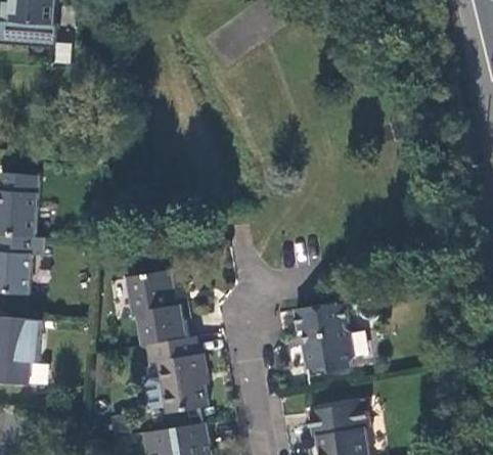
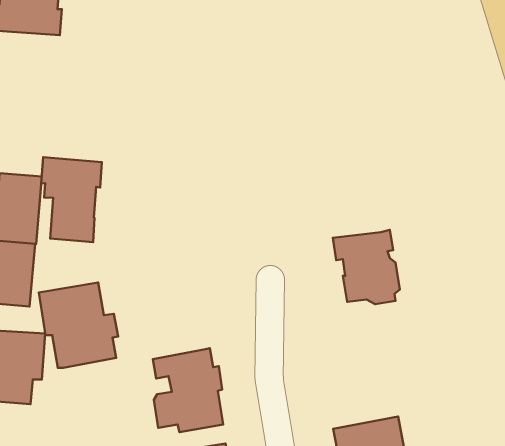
building: none -> [41,157,102,242]
building: [118,267,190,345] -> [39,283,118,368]
building: [294,301,355,368] -> [333,230,400,304]

